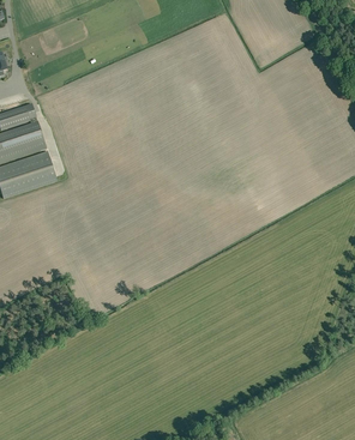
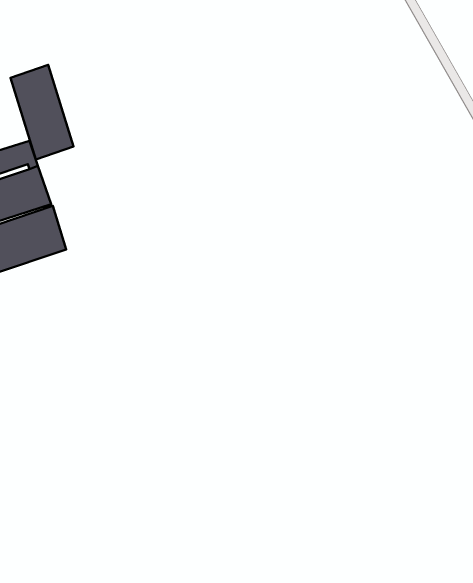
building: none -> [10,65,73,159]

